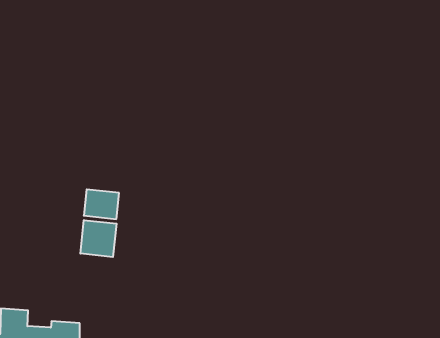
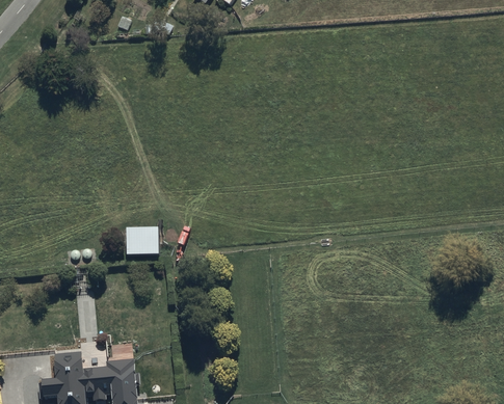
building: [80,220,117,257] -> none

